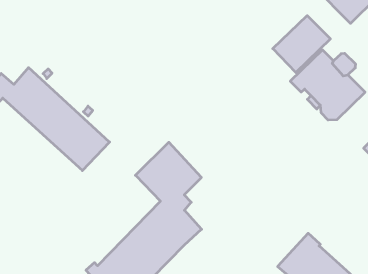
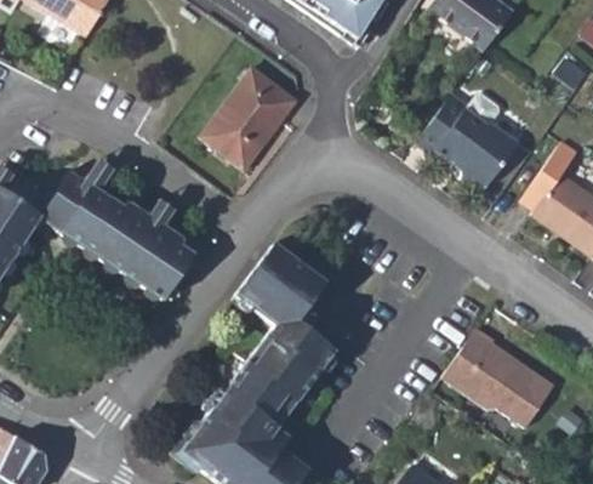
building: none -> [200,69,296,171]
building: [273,16,330,73] -> none

